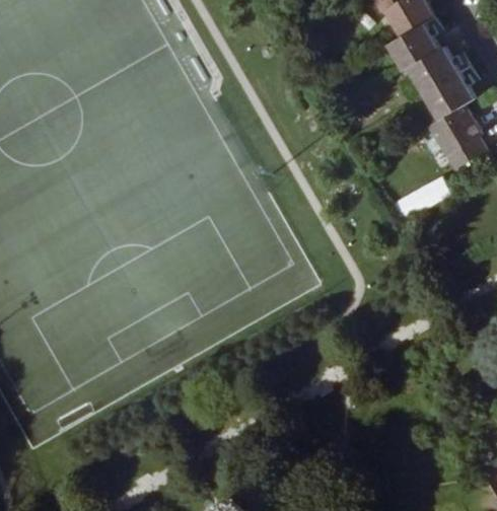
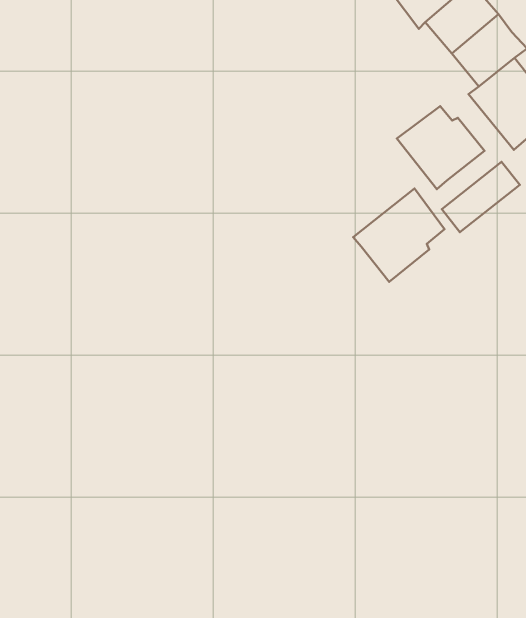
building: none -> [397,106,485,189]
building: none -> [353,188,445,282]

